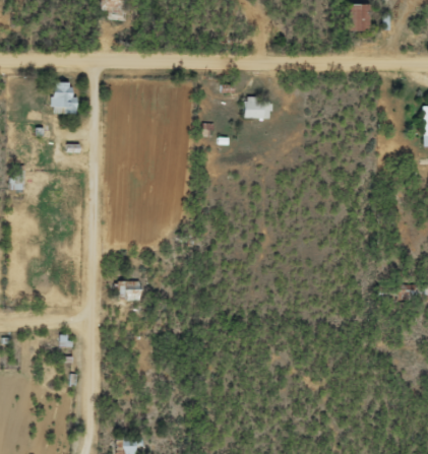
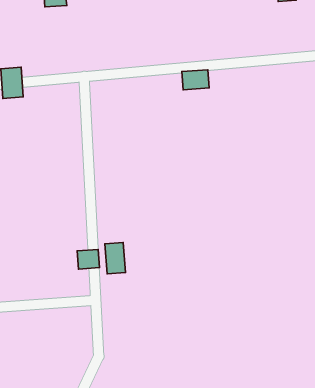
building: none -> [105,243,125,274]

